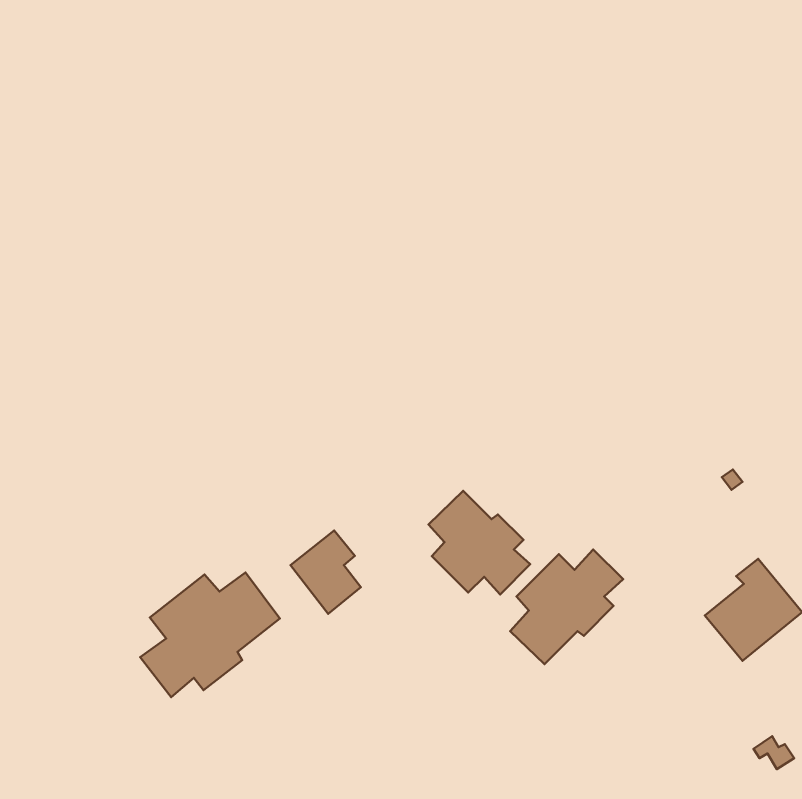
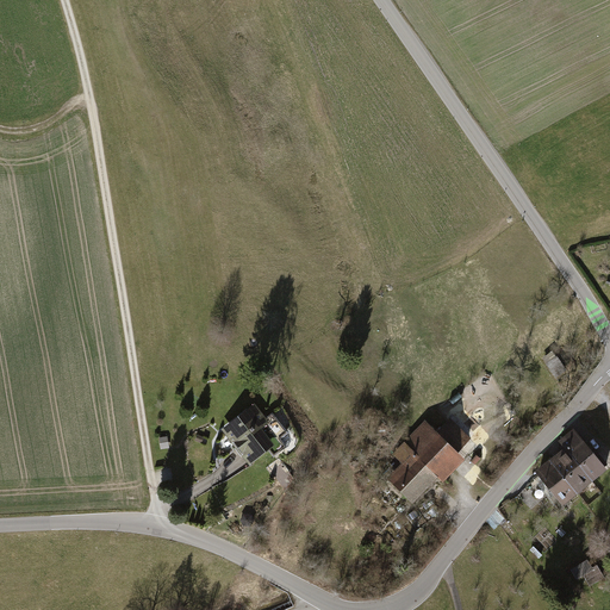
building: [428,491,530,594] -> none
building: [140,573,280,697] -> none

